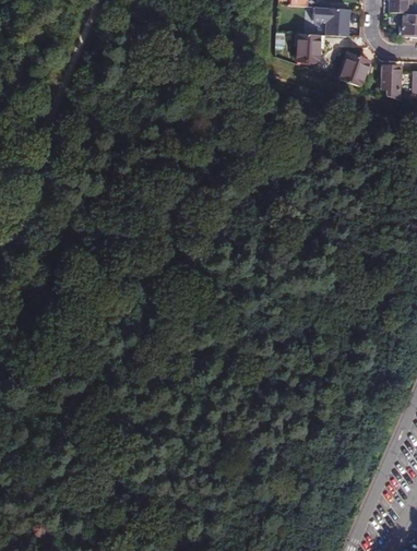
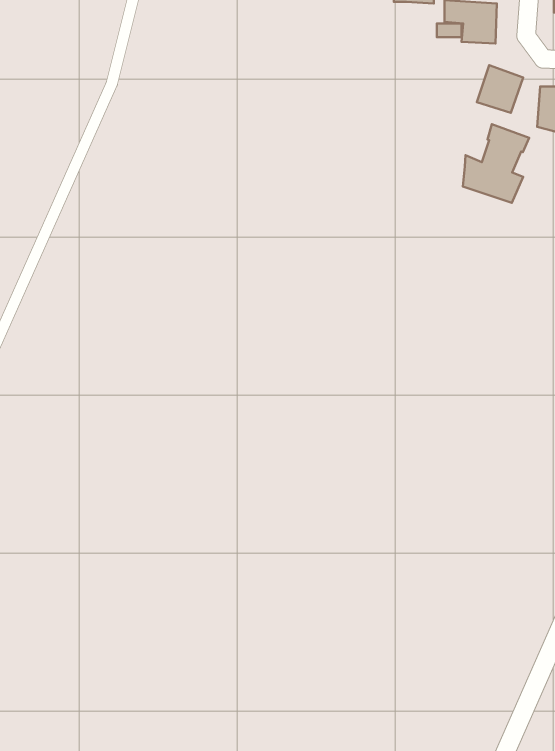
building: [296,36,320,63] -> none
building: none -> [463,124,529,203]

